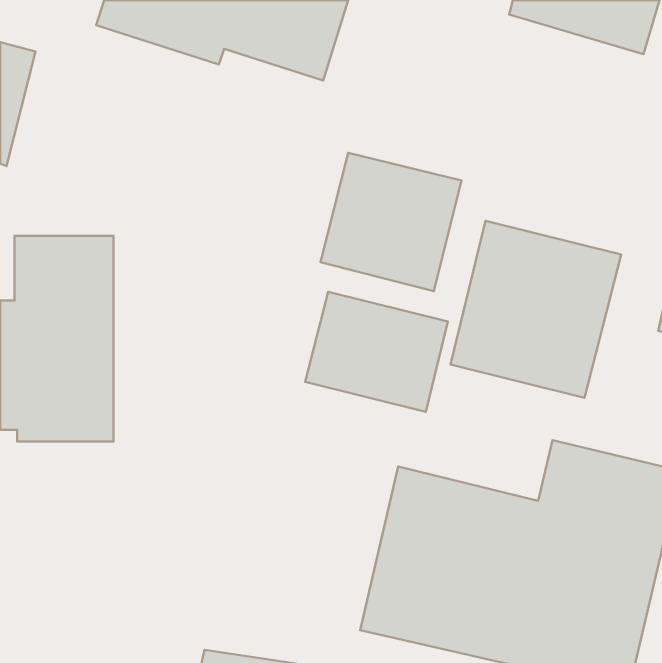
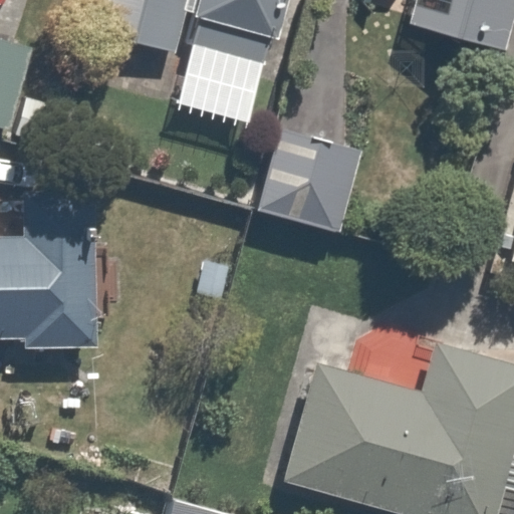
building: [450,221,621,398] -> none
building: [305,292,448,412] -> none

